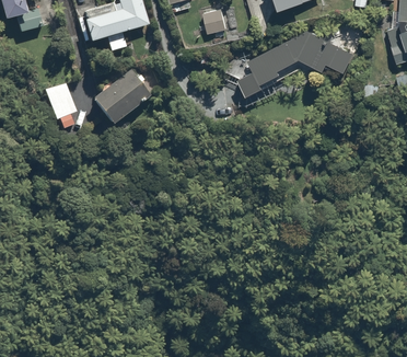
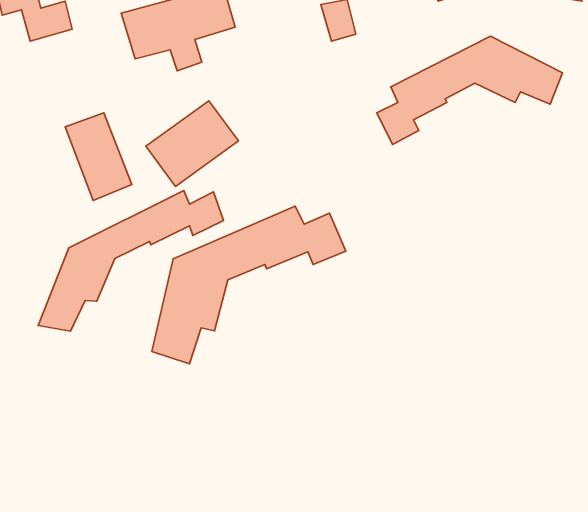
building: none -> [38,191,223,331]
building: none -> [152,206,346,364]

